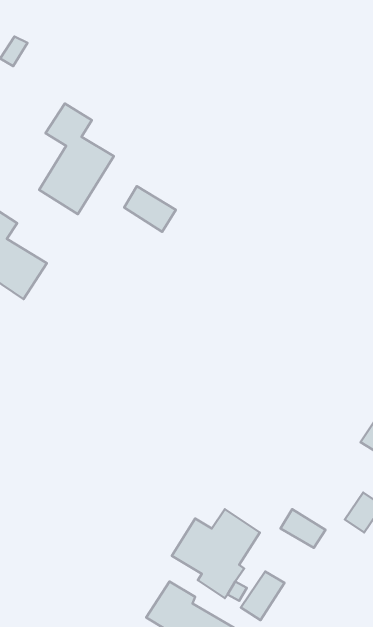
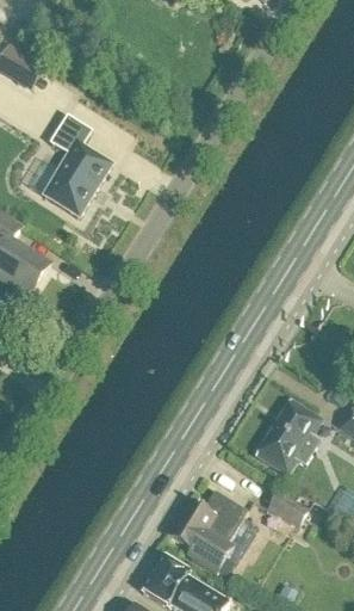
building: [124,186,176,232] -> none
building: none -> [255,397,323,474]
building: [241,571,284,620] -> none

